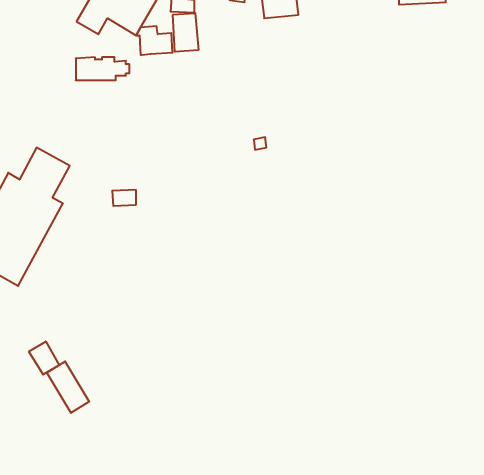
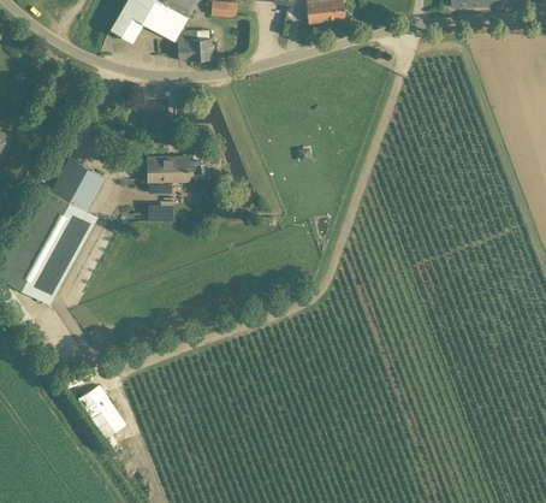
building: [173,13,198,52] -> none
building: [76,57,129,80] -> [147,156,203,181]
building: [29,341,59,375] -> none

